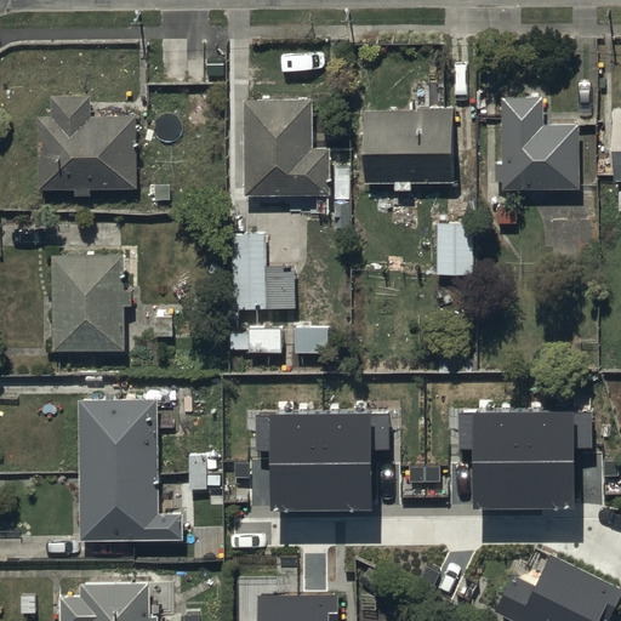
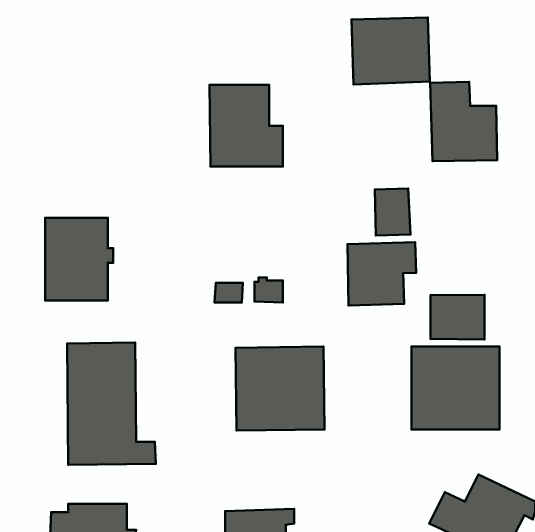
building: [38,97,136,198] -> none
building: [363,108,454,186] -> [351,18,430,85]
building: [232,234,296,310] -> none
building: none -> [348,242,416,306]
building: none -> [431,295,484,340]

